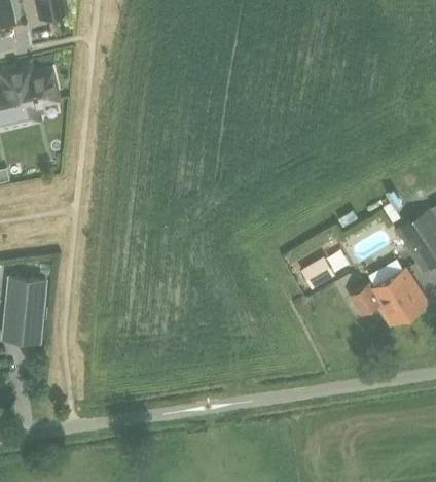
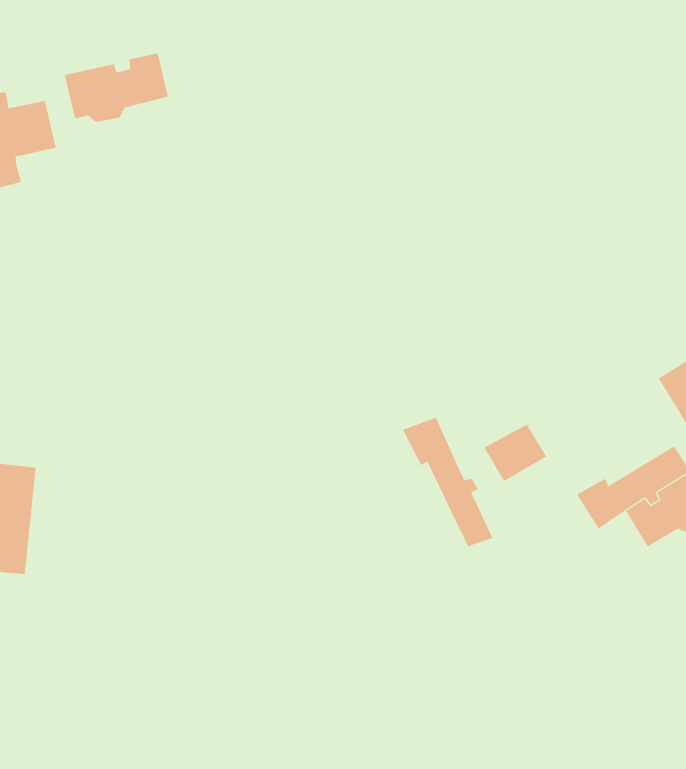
building: none -> [64,52,169,123]
building: none -> [402,417,493,547]

